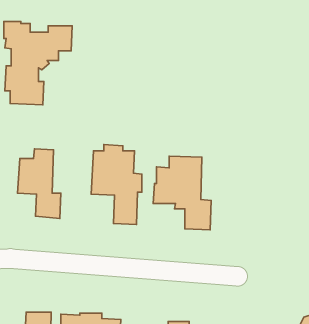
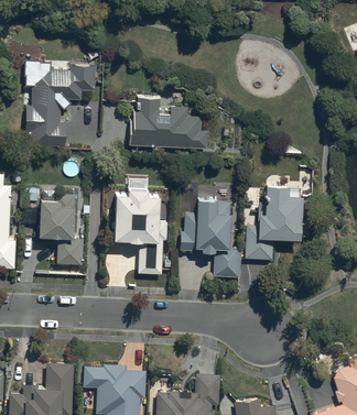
building: none -> [129,98,207,148]
building: none -> [245,188,302,259]

